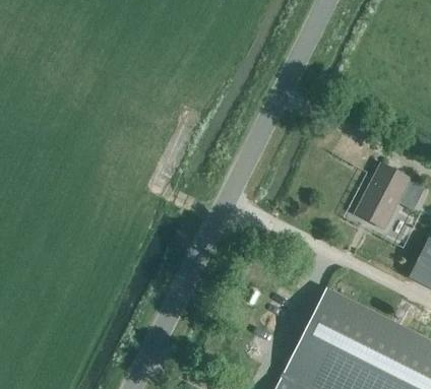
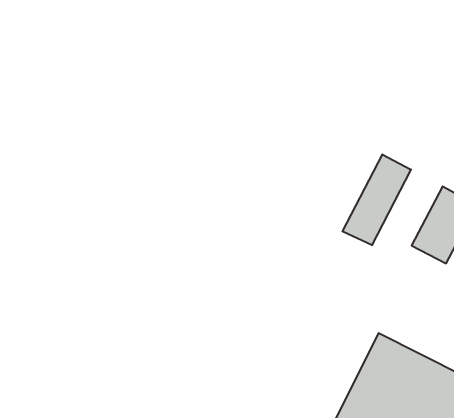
building: none -> [342,154,411,245]

